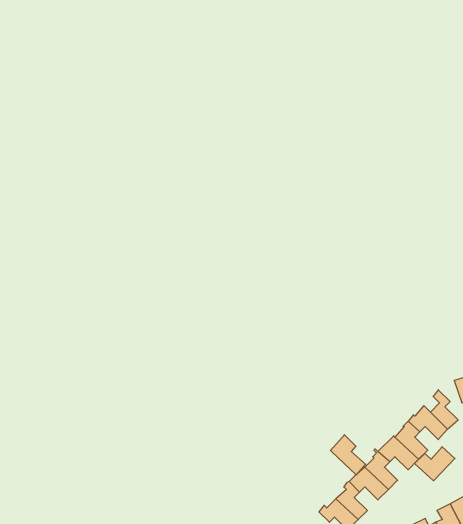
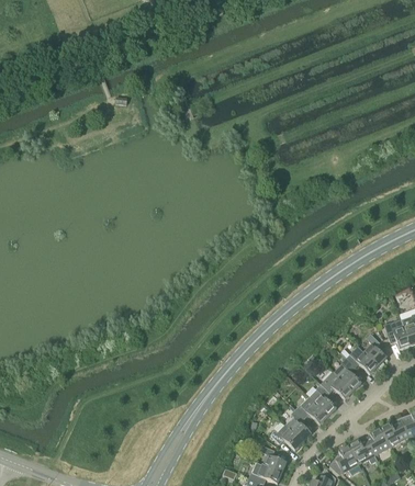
building: [330,435,366,475] -> none
building: [414,447,455,481] -> none

